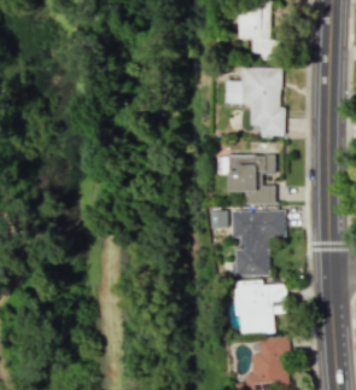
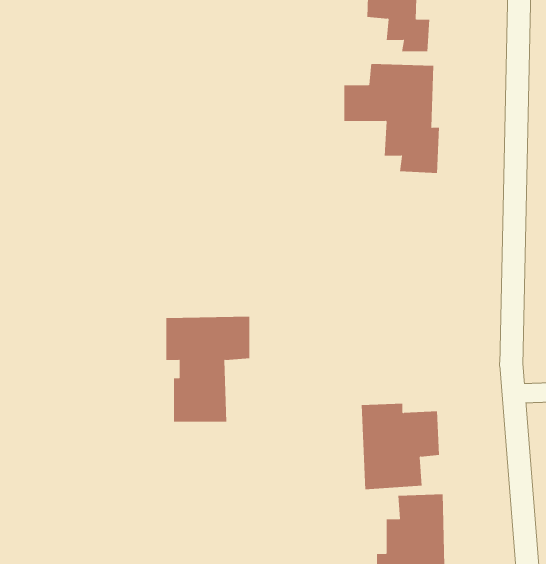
building: [230,155,275,204] -> none
building: [232,209,285,275] -> [165,316,250,422]

